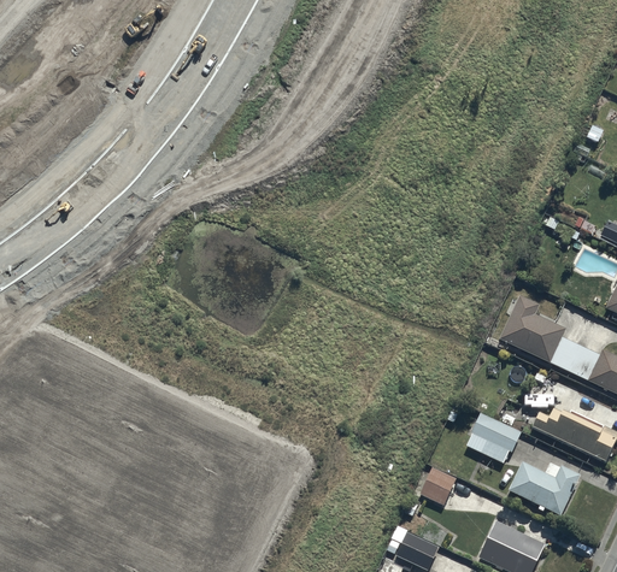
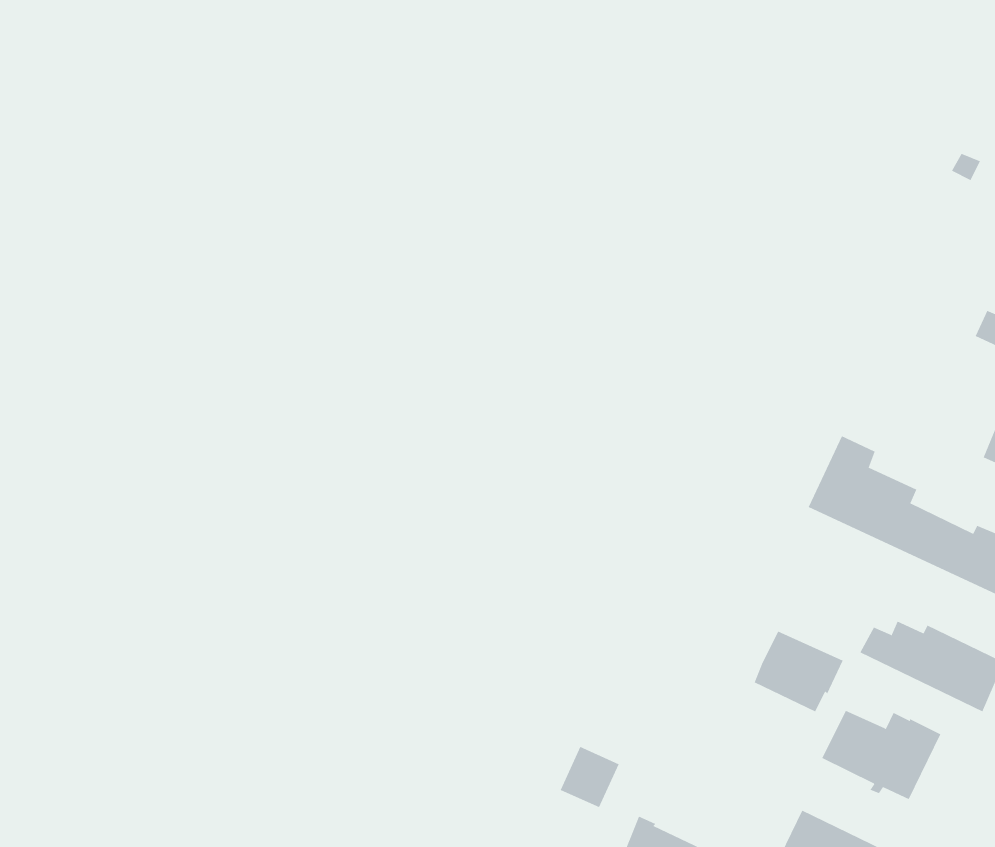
building: [419,467,456,505] -> [560,746,620,808]

